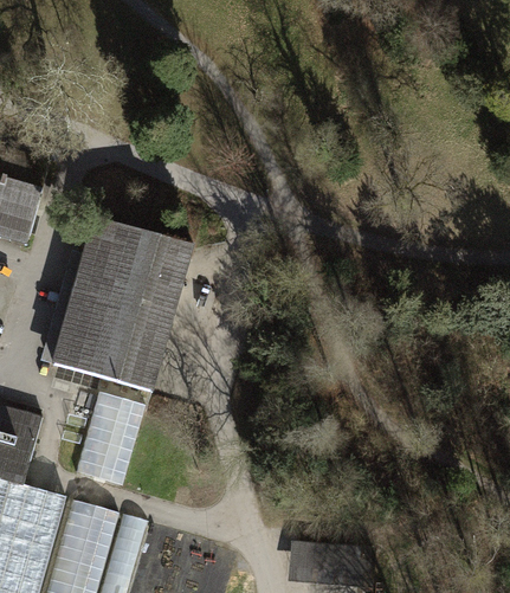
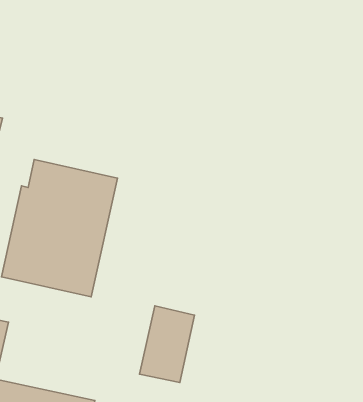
building: [76,392,148,489] -> [139,306,194,383]

